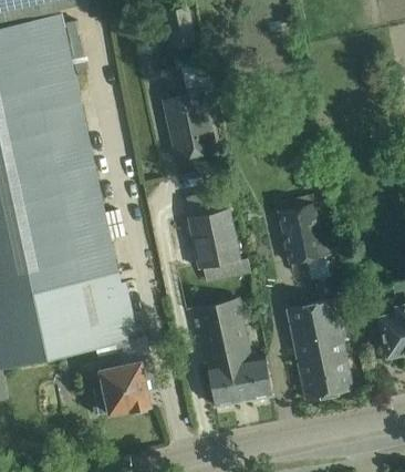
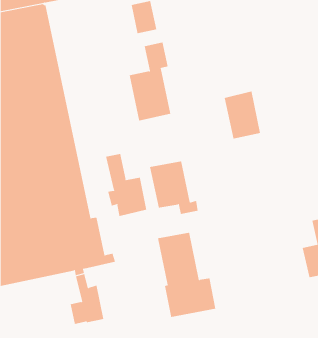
building: none -> [106,153,147,217]
building: [279,204,325,265] -> [224,91,261,139]
building: [287,278,353,400] -> none
building: [123,360,155,409] -> none

